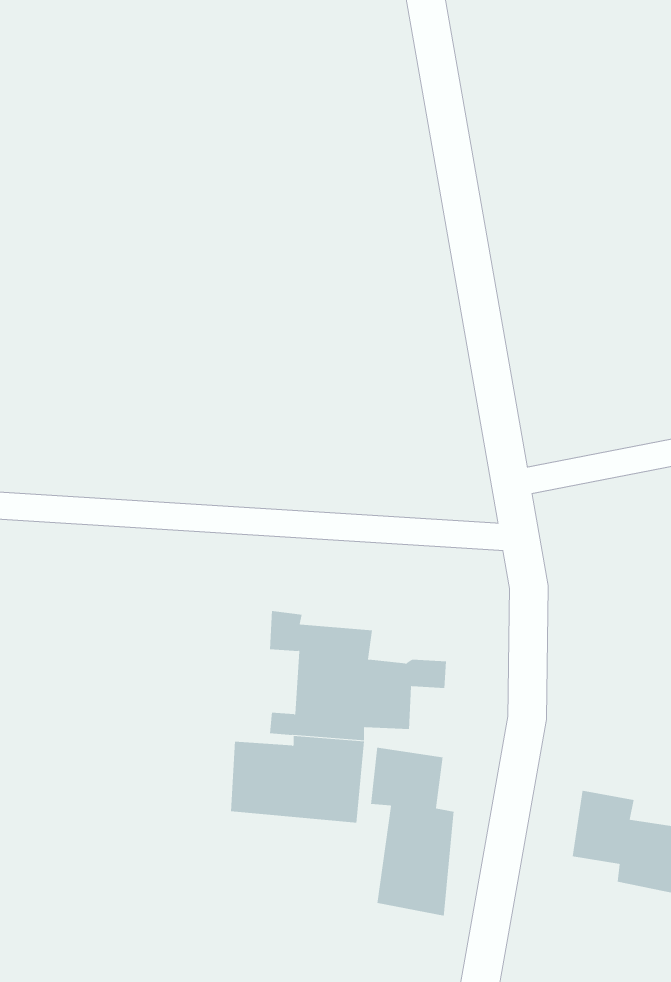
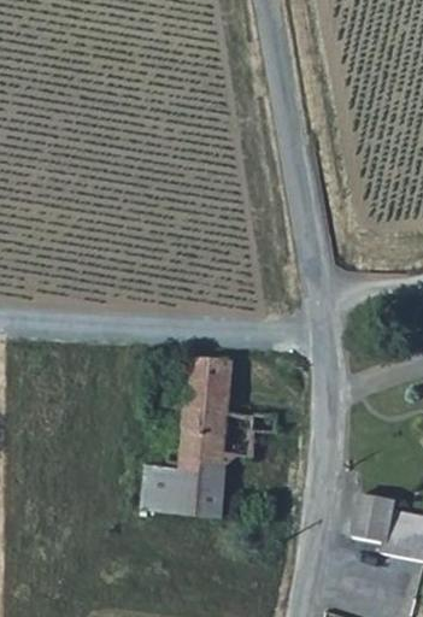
building: none -> [189,358,235,395]
building: [371,747,454,916] -> none

